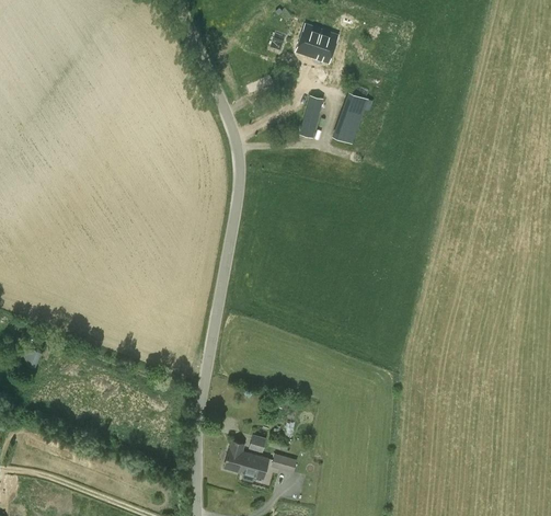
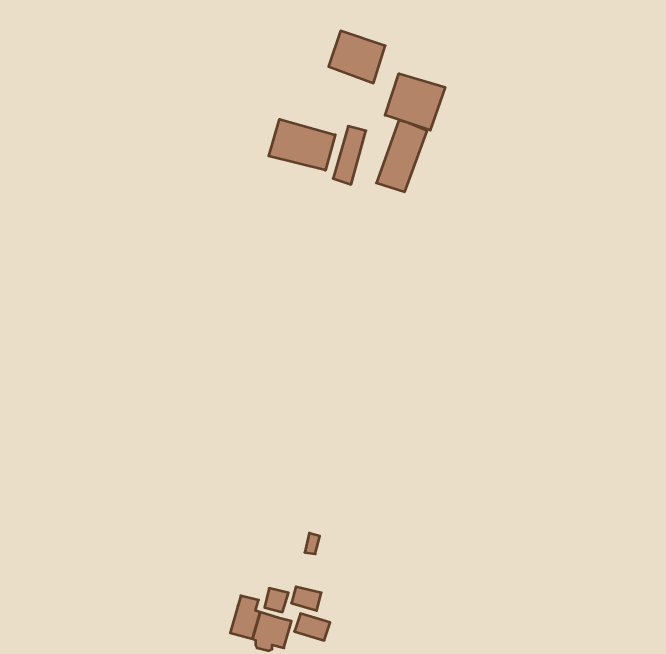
building: none -> [385,74,445,130]
building: none -> [269,119,335,170]

